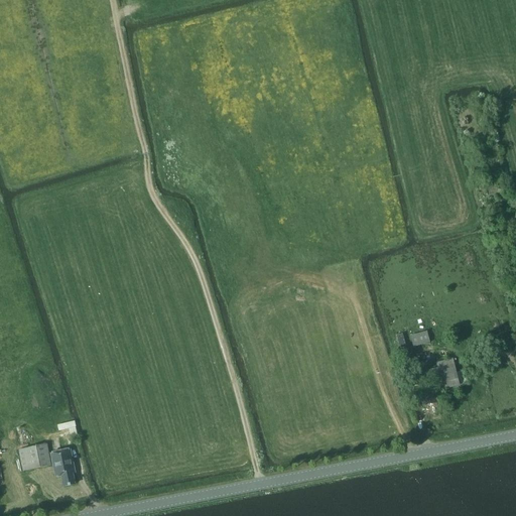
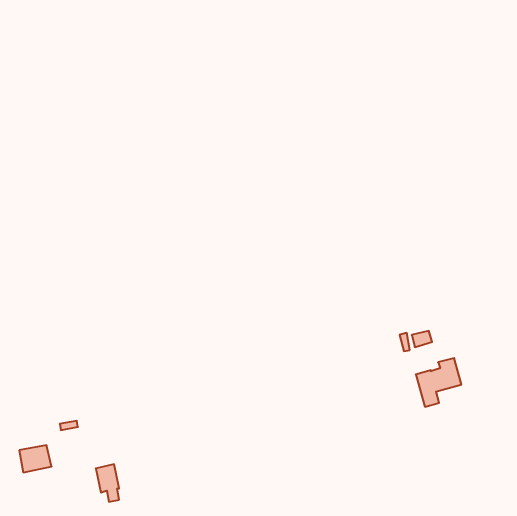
building: [51,448,75,486] -> [96,464,119,502]

